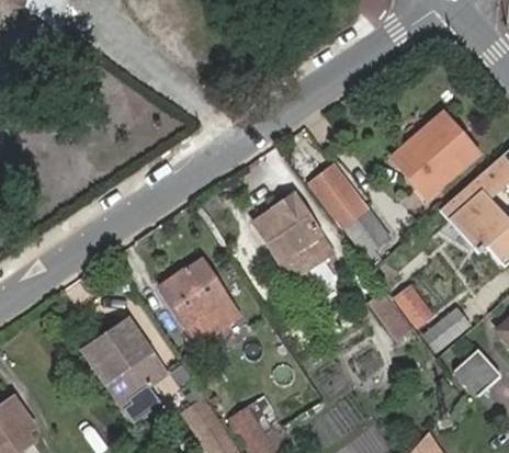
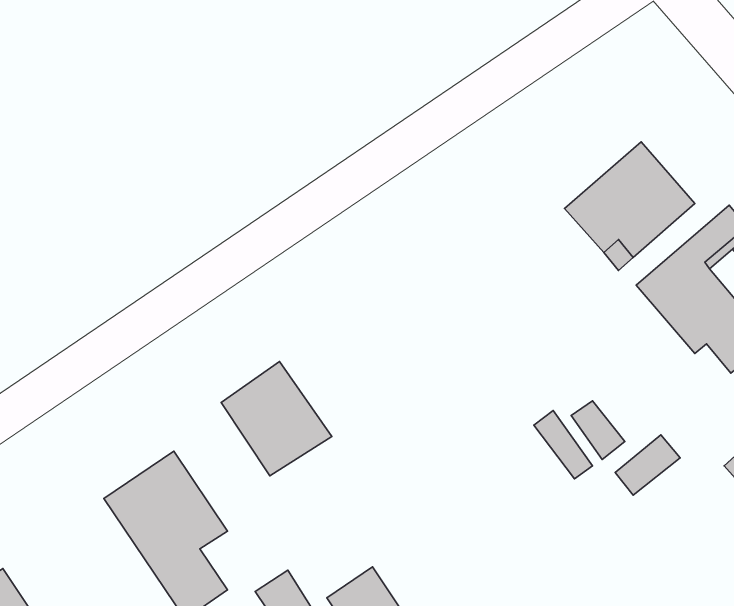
building: [312,165,388,258] -> none
building: [253,193,337,288] -> none
building: [456,349,499,393] -> none

